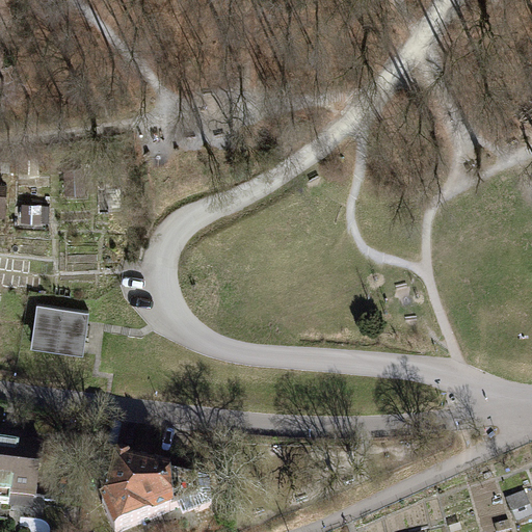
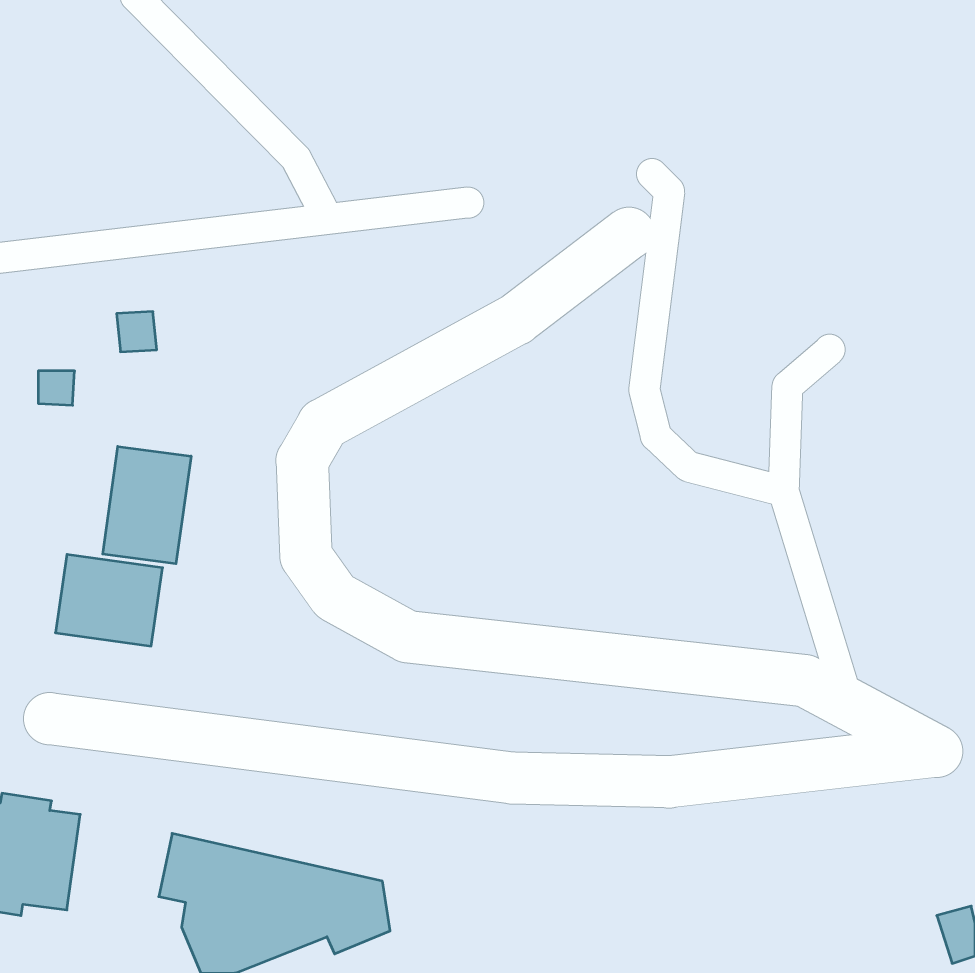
building: none -> [103,446,191,564]

